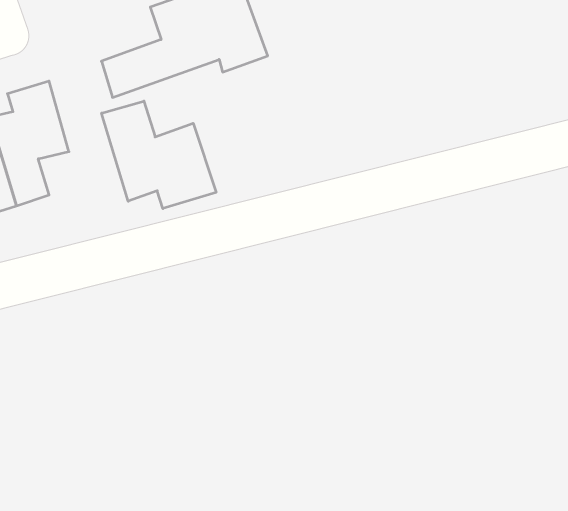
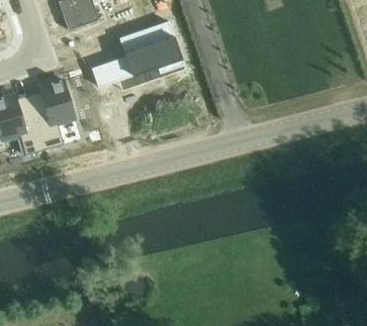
building: [102,101,216,209] -> none

